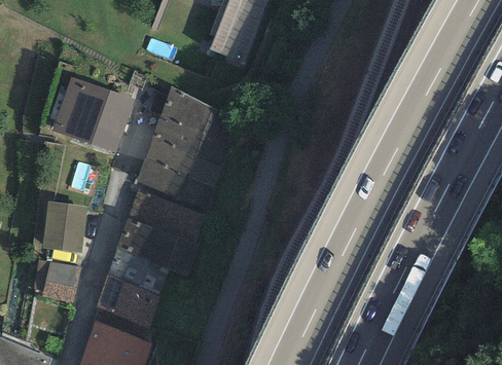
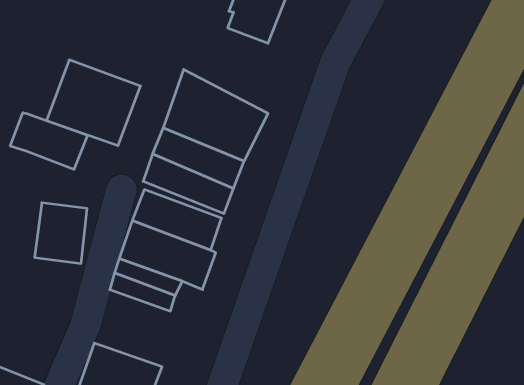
building: none -> [10,113,87,169]
building: [32,259,79,302] -> none
building: [94,276,158,326] -> none

